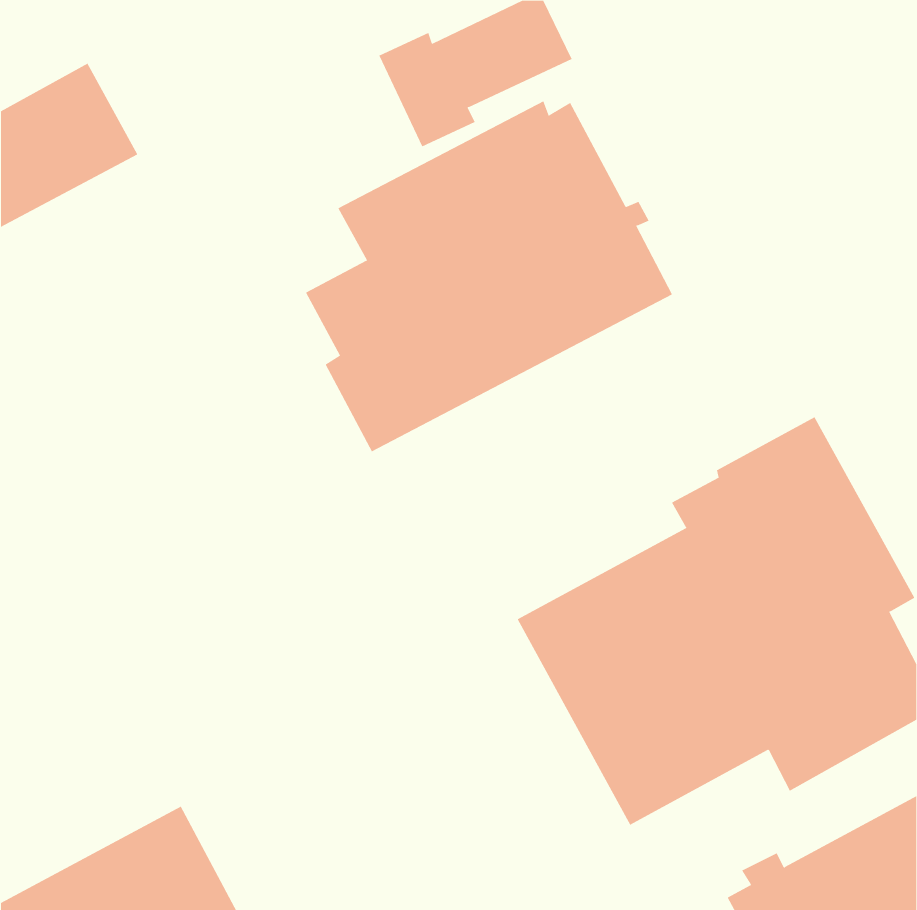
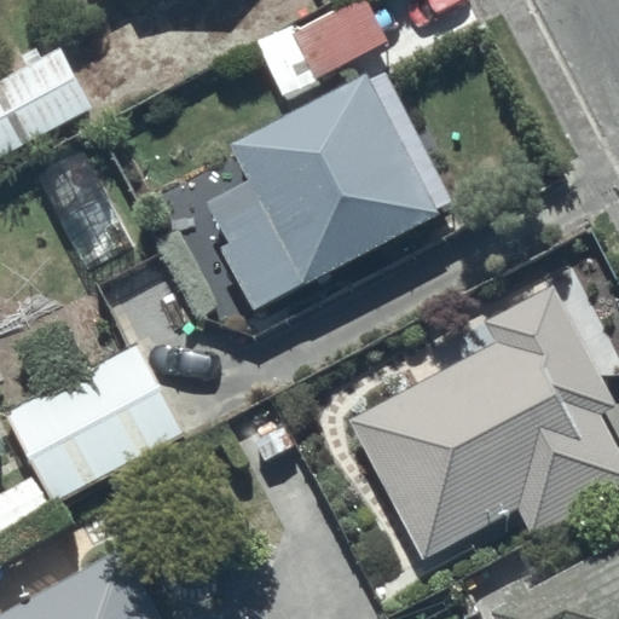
building: none -> [6,345,185,505]

